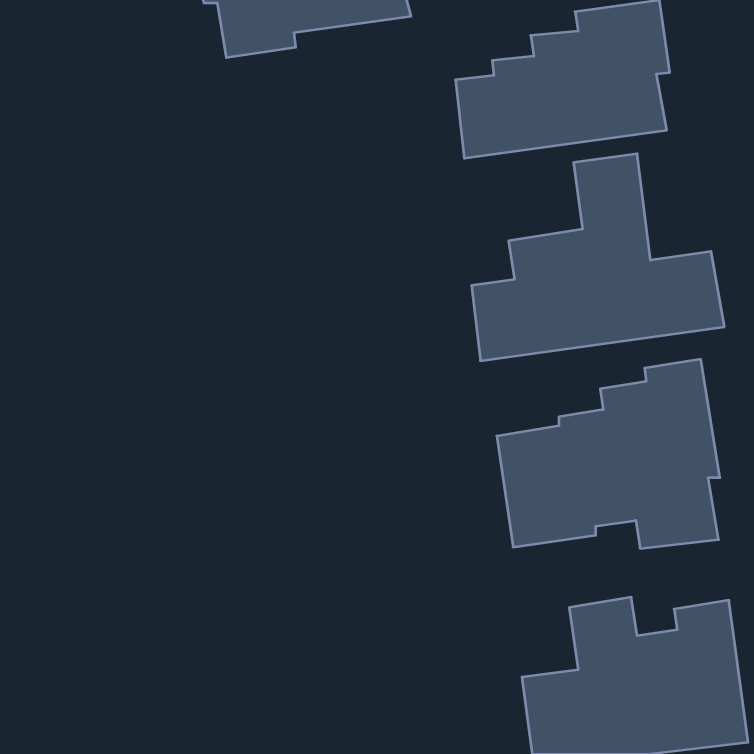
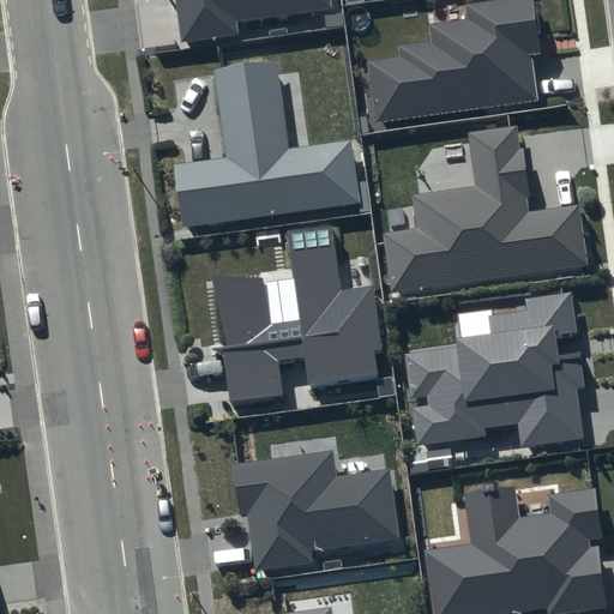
building: none -> [175,66,361,231]
building: none -> [210,227,383,402]
building: none -> [234,450,398,570]

